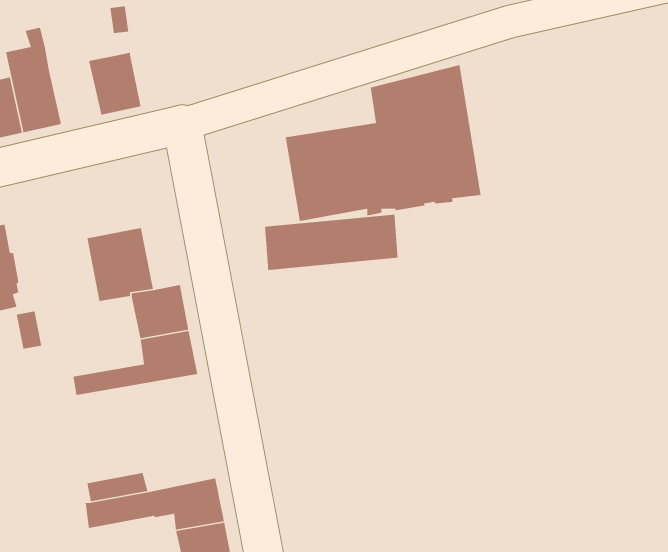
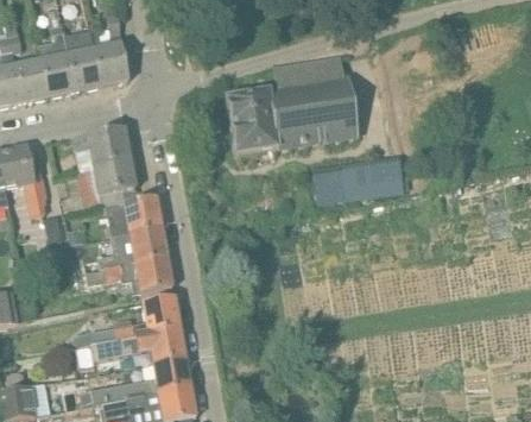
building: none -> [64,29,102,90]
building: none -> [75,128,129,166]
building: [264,214,399,271] -> [318,162,409,200]
building: none -> [86,258,173,295]
building: none -> [141,297,179,334]

